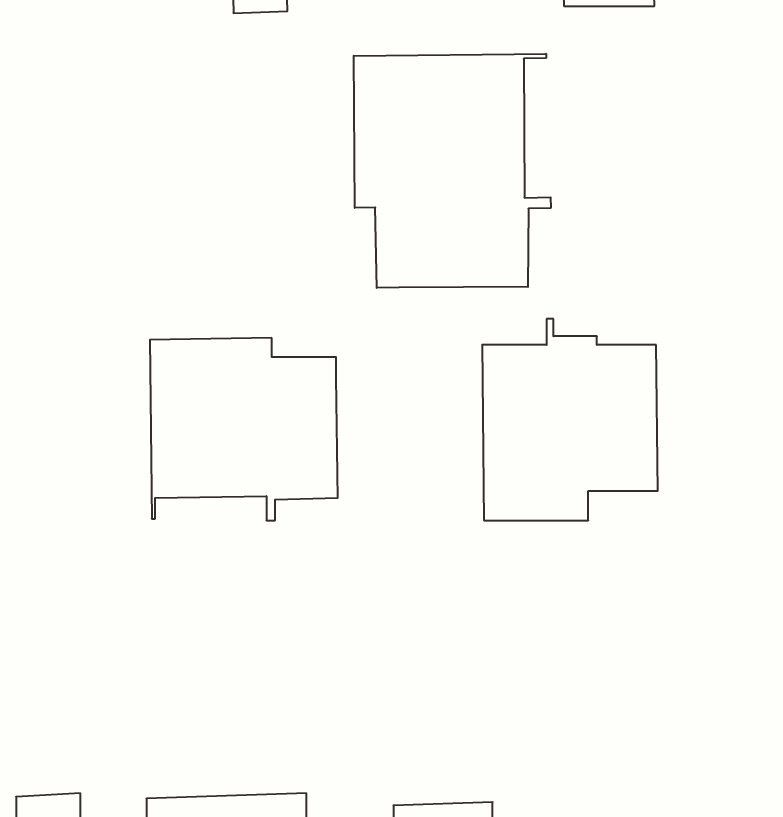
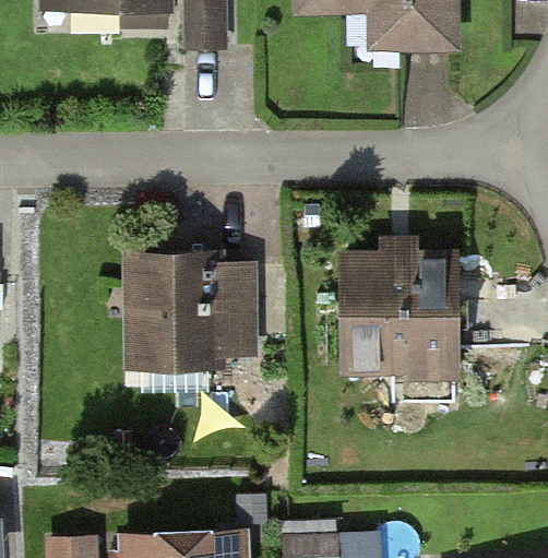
building: [354,54,551,288] -> none

